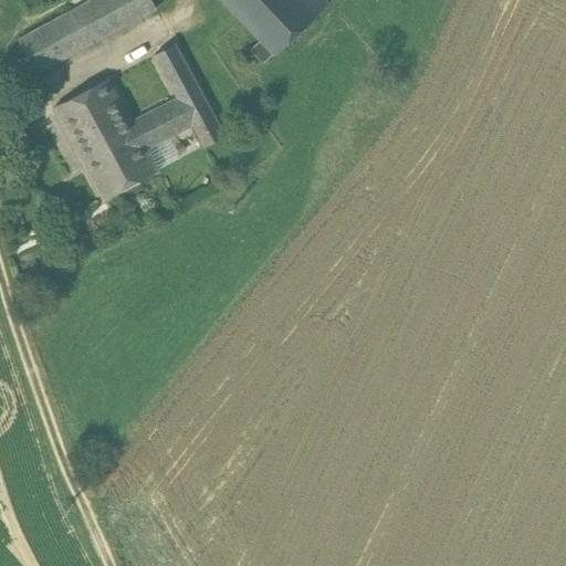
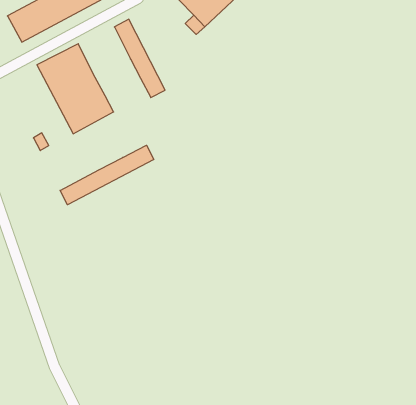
building: [130,96,190,145] -> none
building: none -> [60,145,154,205]

